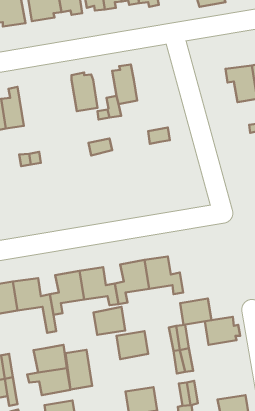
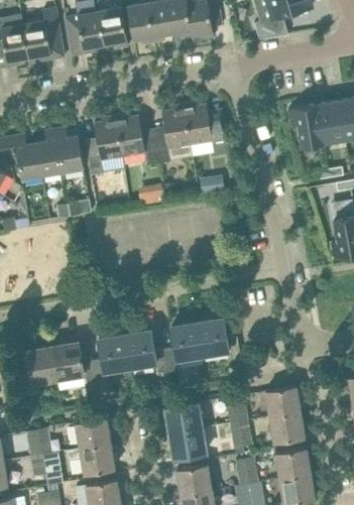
building: none -> [182,103,233,155]
building: none -> [85,117,121,176]
building: none -> [54,128,83,173]
building: [180,299,212,325] -> [268,413,304,443]
building: [93,307,125,335] -> [169,428,205,460]
building: [66,350,92,390] -> none
building: none -> [274,450,310,480]

